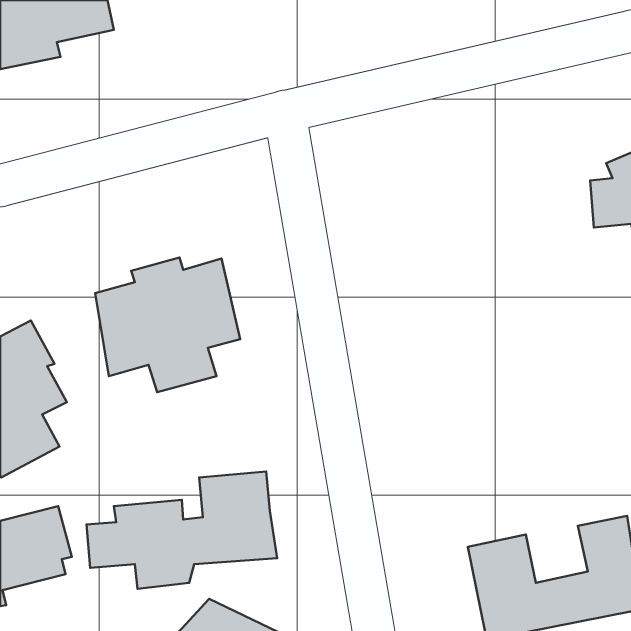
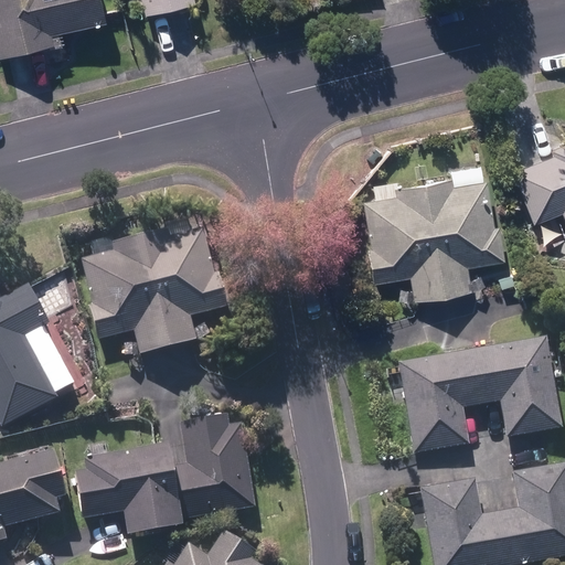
building: none -> [365,167,494,295]
building: none -> [401,339,557,443]

